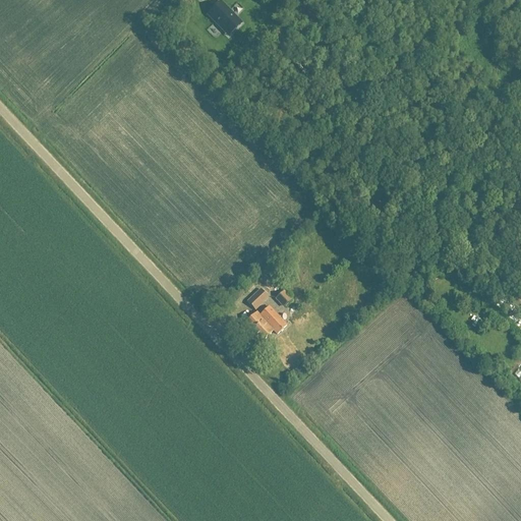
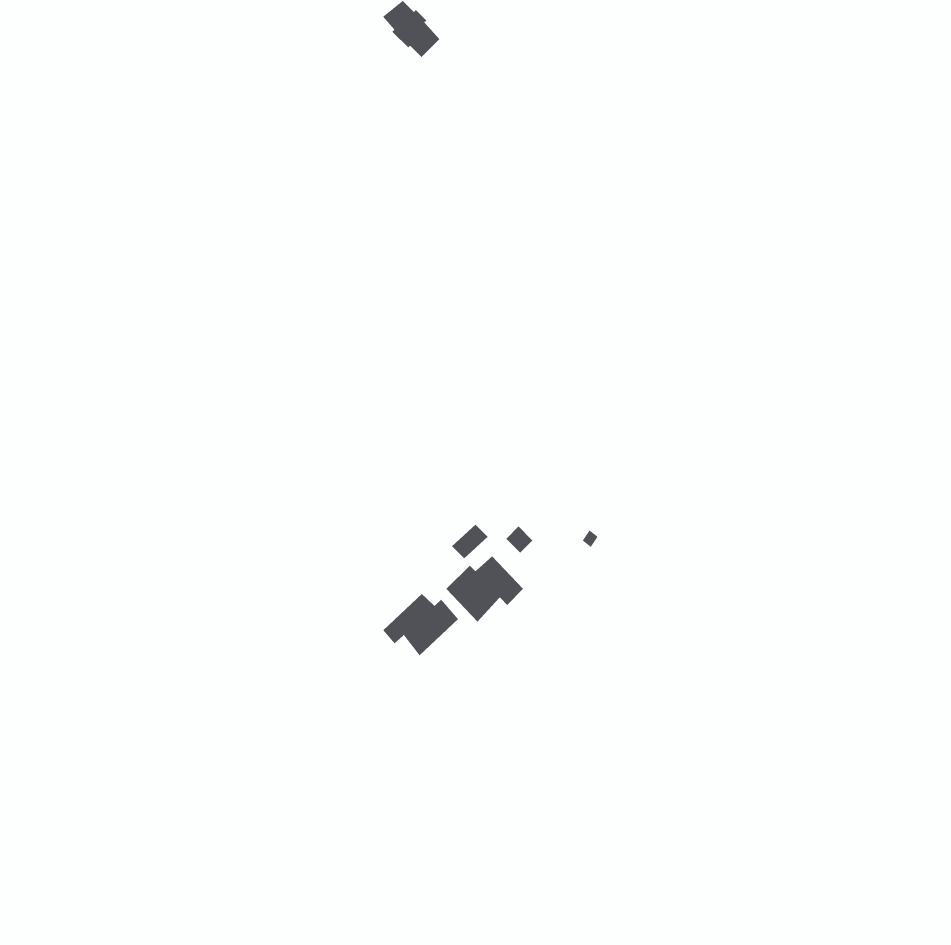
building: none -> [382,593,459,656]

